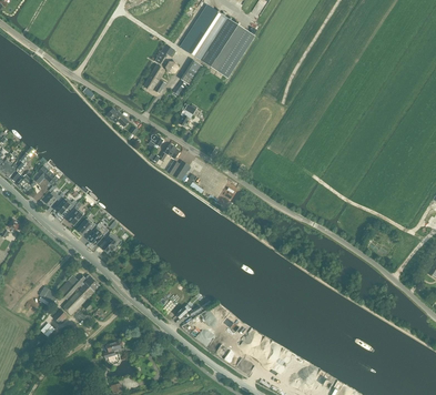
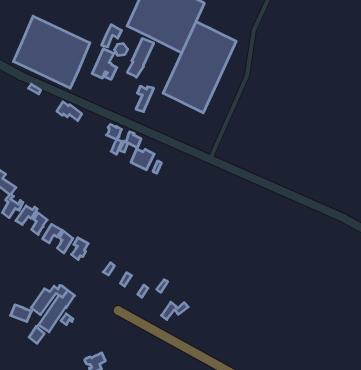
building: none -> [13,16,90,88]
building: none -> [163,21,236,113]

